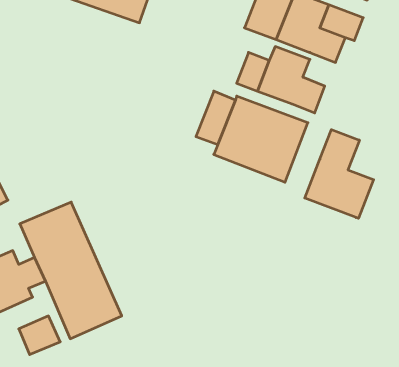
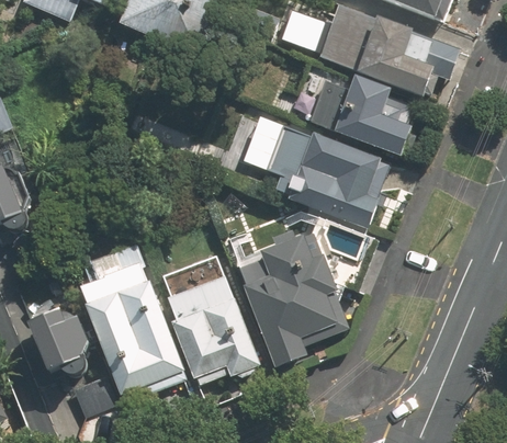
building: [305,130,374,218] -> none
building: none -> [236,235,343,363]
building: none -> [159,255,259,387]

